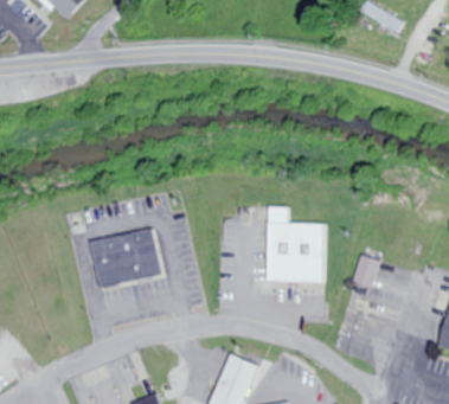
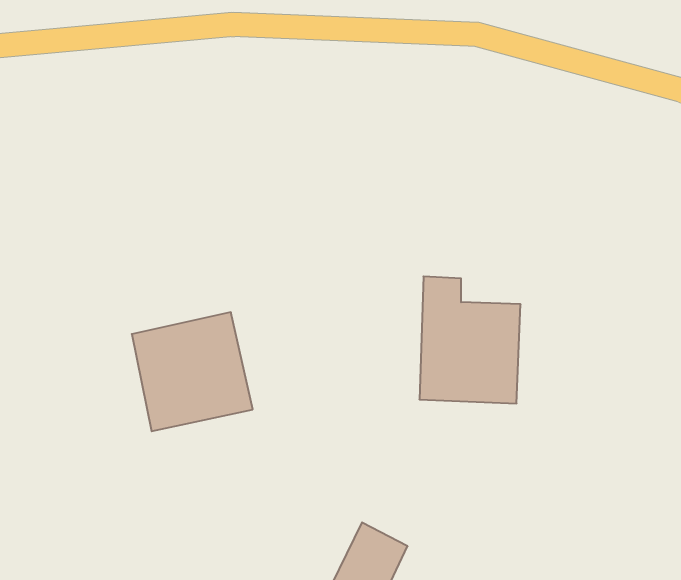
building: [352,256,378,288] -> none

